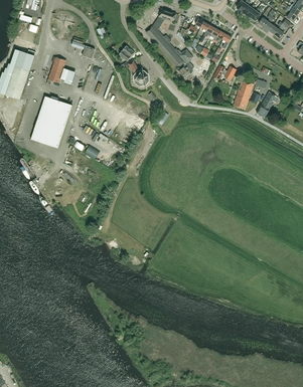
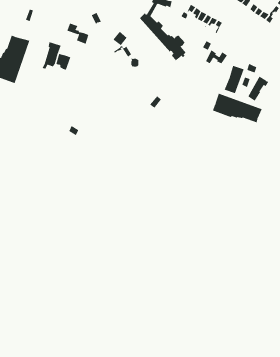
building: [30,95,72,148] -> none
building: none -> [212,93,262,123]

